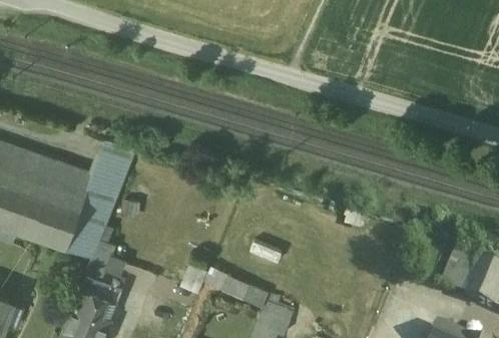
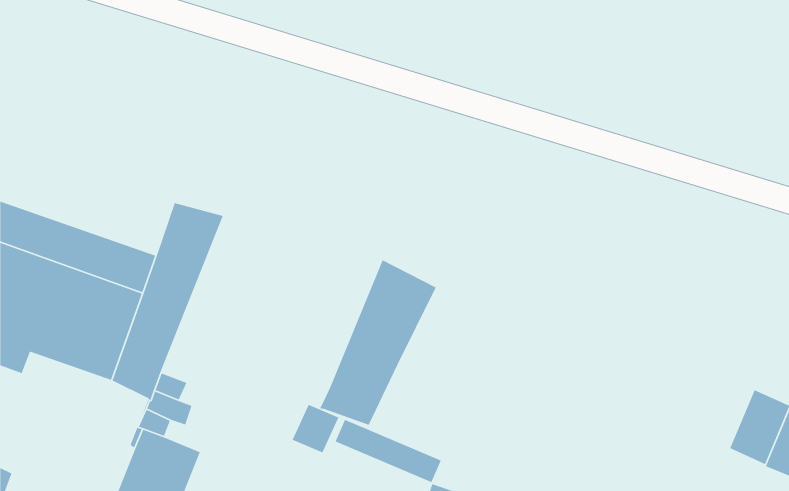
building: none -> [319,259,437,426]

